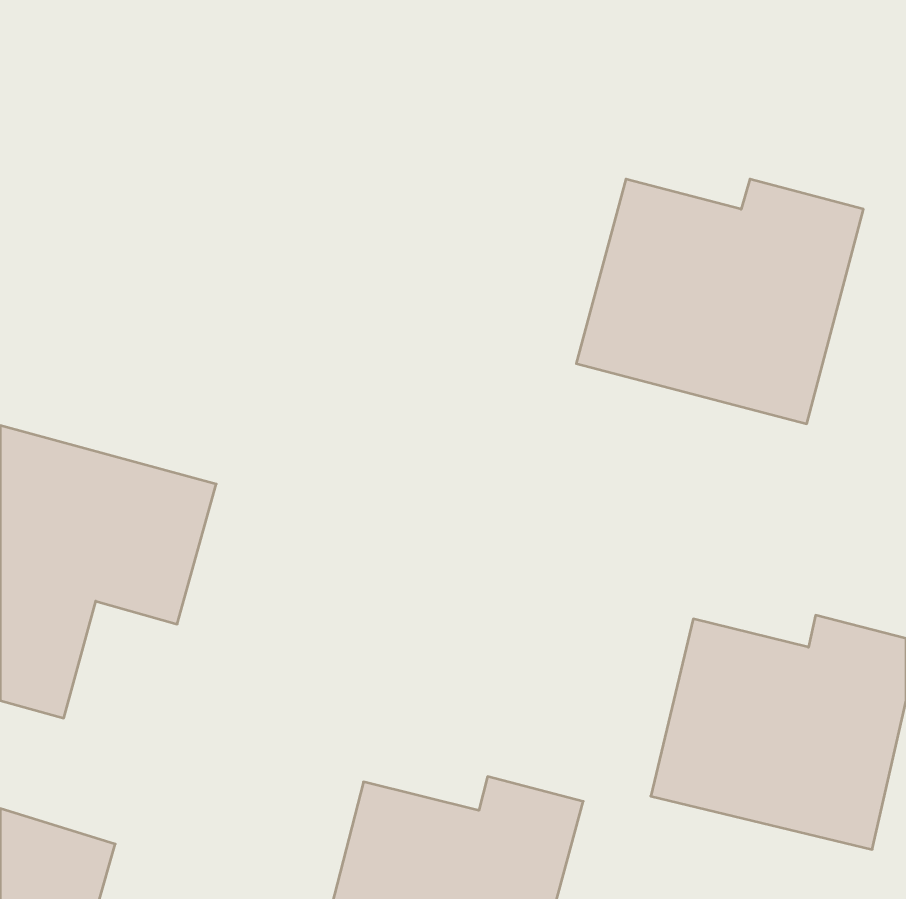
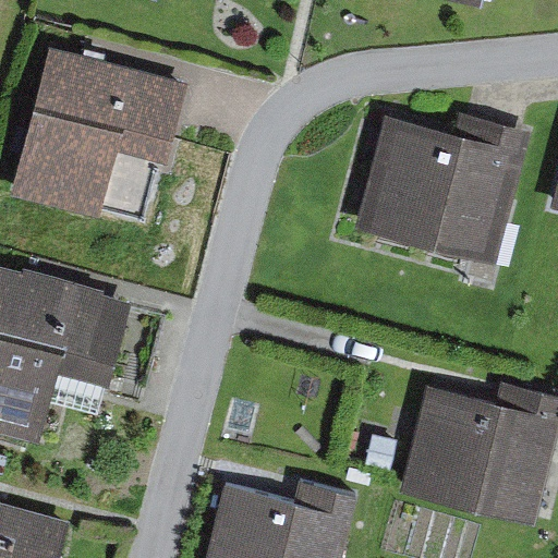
building: none -> [9,46,190,221]

